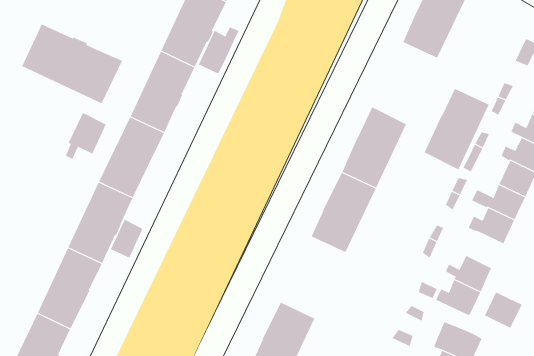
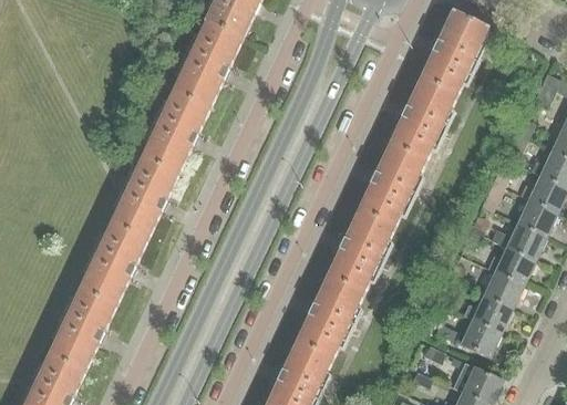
building: [21,24,123,104] -> none
building: [198,26,239,75] -> none
building: [424,88,489,170] -> [390,79,456,162]
building: [65,112,106,160] -> none
building: [110,219,143,258] -> none
building: none -> [297,276,363,359]
building: [484,291,522,329] -> [485,270,524,308]

